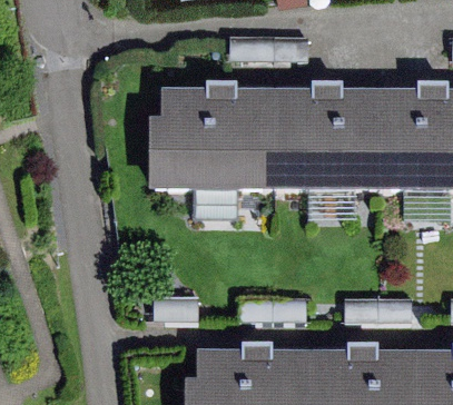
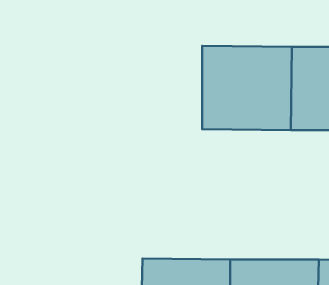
building: [163,89,272,191] -> none

